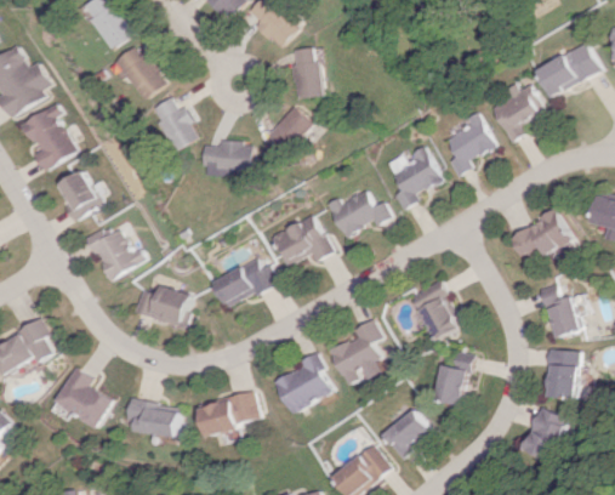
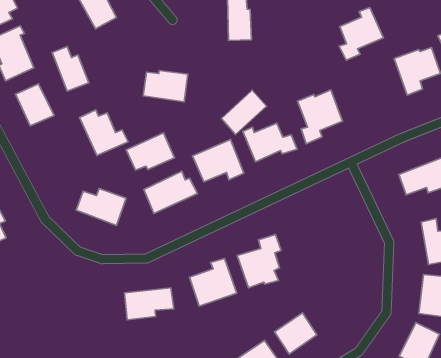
building: [150,97,197,149] -> [52,47,89,91]
building: [260,106,311,159] -> [222,90,266,134]
building: [443,112,495,176] -> [339,7,384,60]
building: none -> [126,133,175,170]
building: [85,226,144,279] -> [80,110,128,156]
building: [409,280,459,340] -> none
building: [434,360,466,403] -> none
building: [59,365,118,427] -> none
building: [132,400,183,434] -> none

